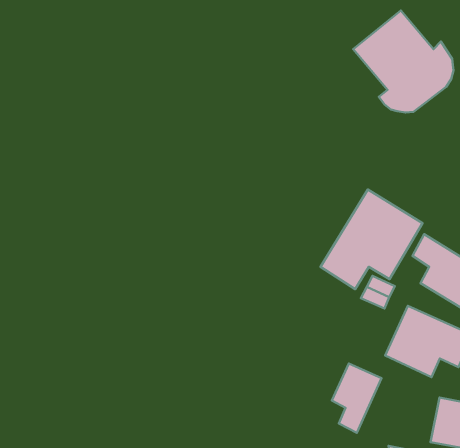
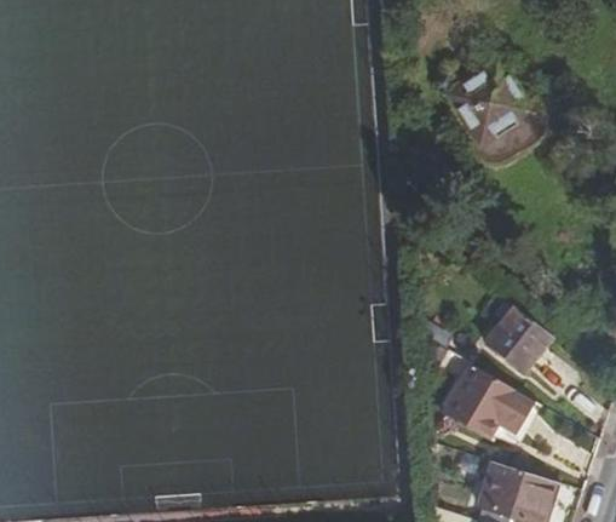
building: [320,190,423,289] -> none
building: [332,363,381,433] -> none

